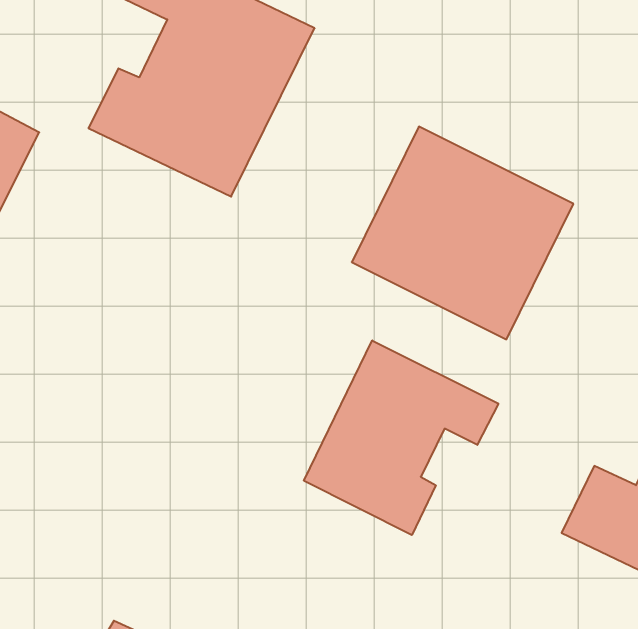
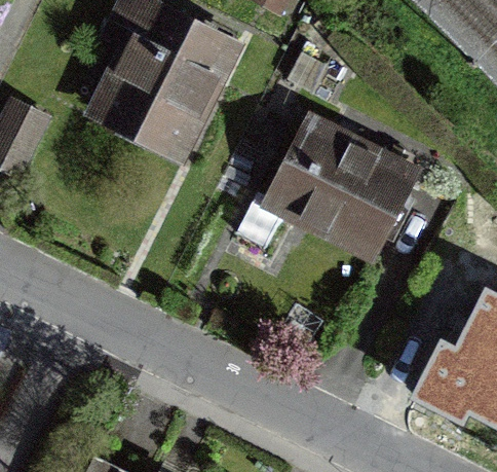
building: [304,340,498,535] -> none

